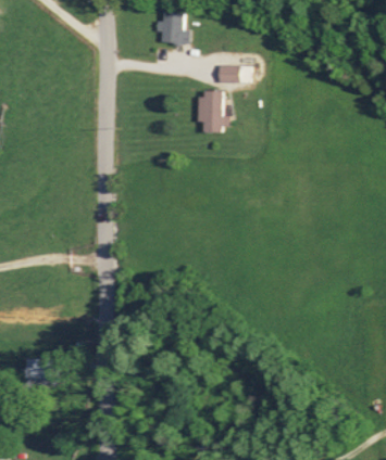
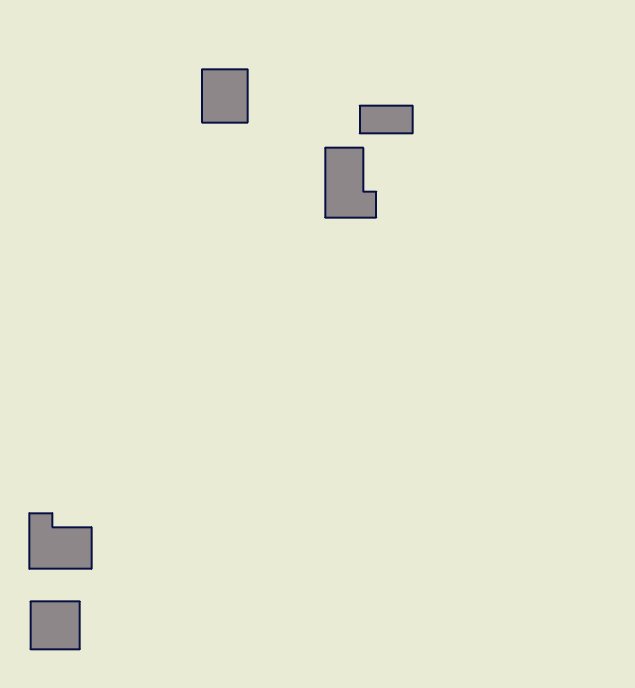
building: [161,12,188,43] -> [202,69,248,122]
building: none -> [29,513,91,569]

